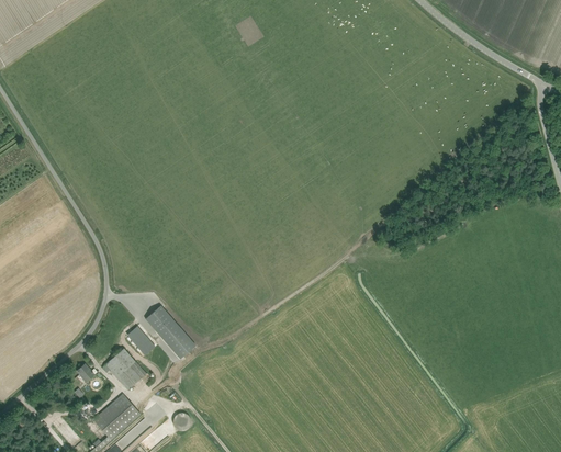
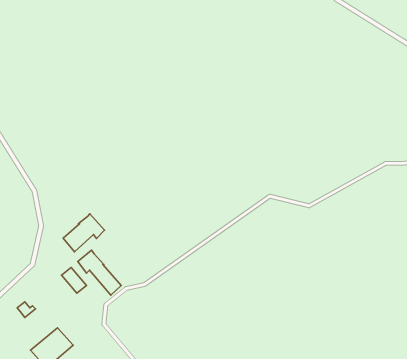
building: none -> [63,214,104,252]
building: [104,354,141,389] -> none

